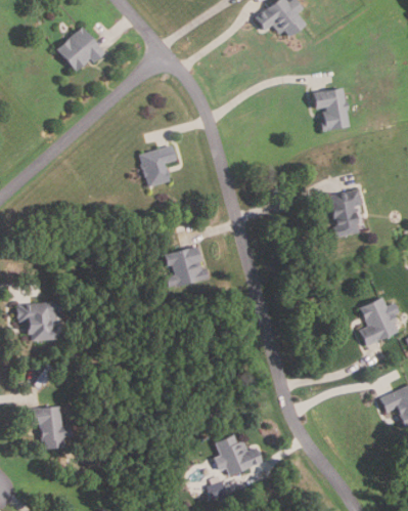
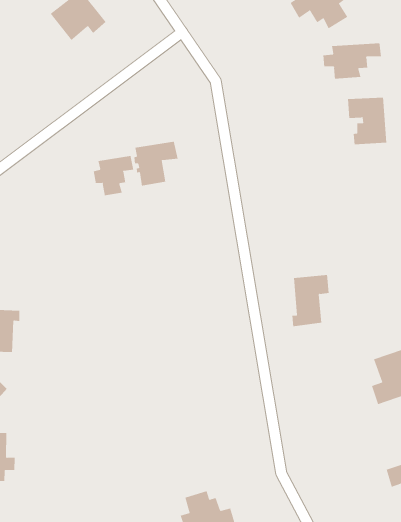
building: none -> [323,42,382,79]
building: none -> [93,155,134,196]
building: [330,190,362,238] -> [291,275,329,327]
building: [164,247,208,288] -> none

